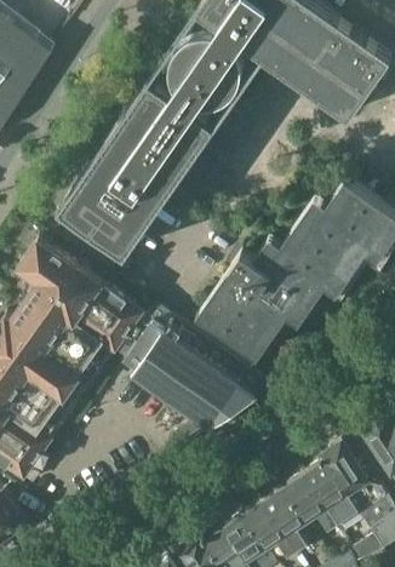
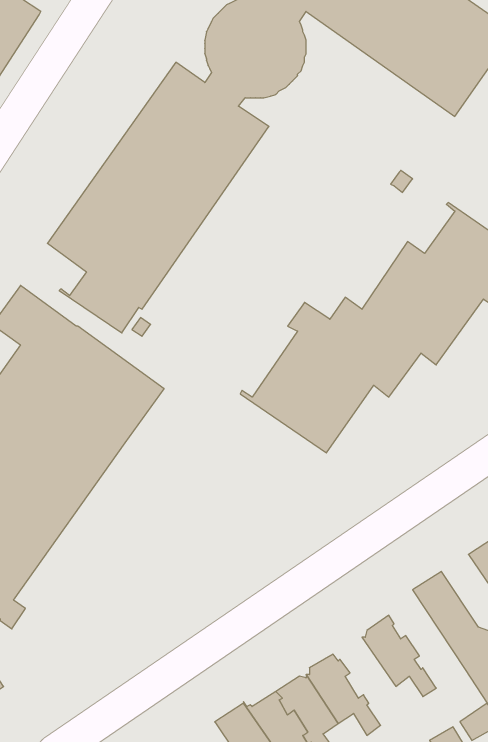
building: [114,303,270,431] -> none
building: [303,454,357,525] -> none
building: [263,488,308,551] -> none

